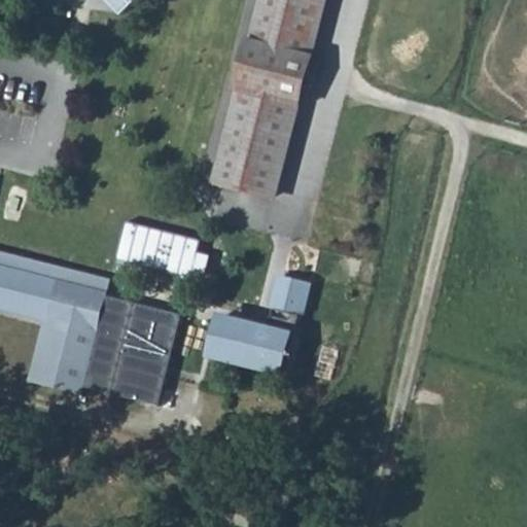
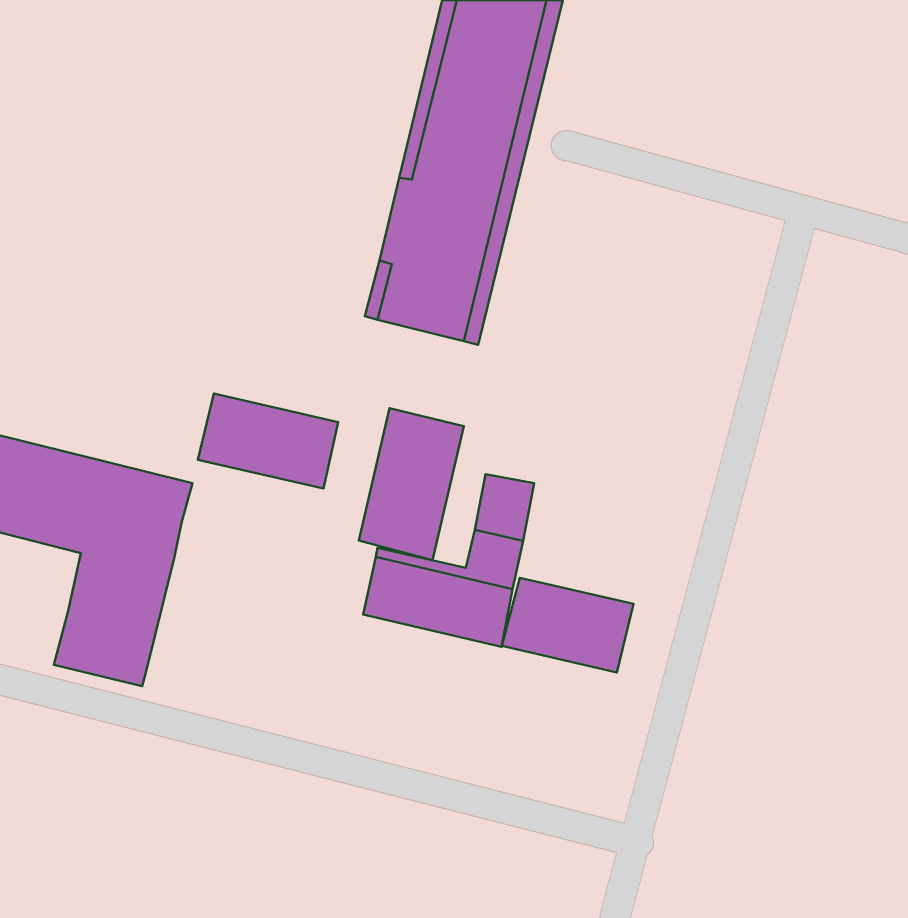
building: none -> [359,408,464,560]
building: [83,300,175,406] -> none
building: none -> [502,578,634,673]

